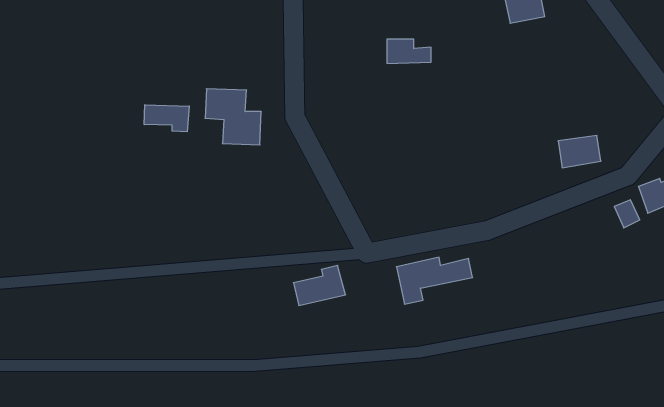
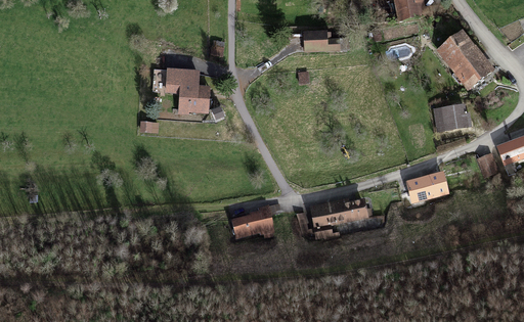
building: none -> [439,32,493,88]
building: [144,105,189,132] -> none
building: none -> [408,173,447,199]

